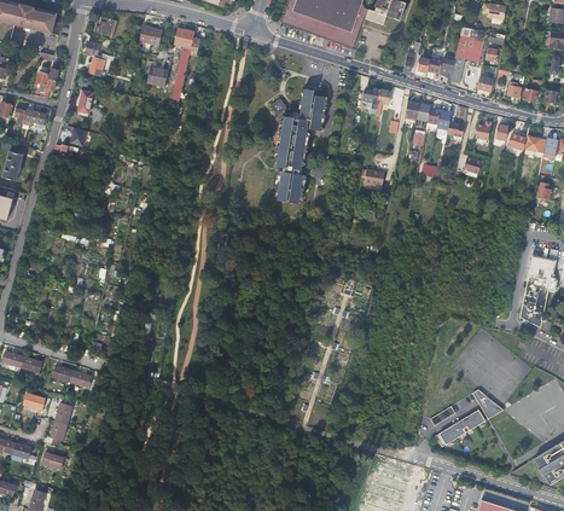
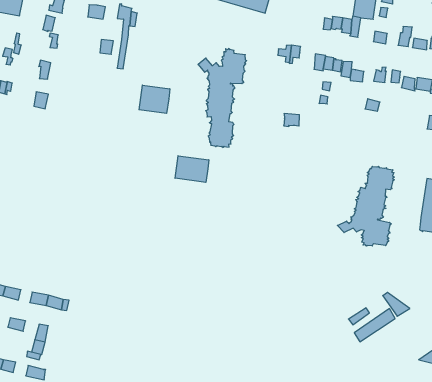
building: none -> [139,85,170,113]
building: none -> [175,156,209,182]
building: none -> [337,166,394,246]

